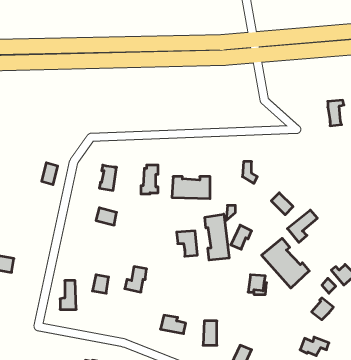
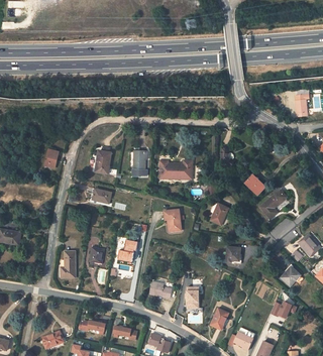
building: [205,214,229,260] -> none
building: [262,238,309,288] -> none

